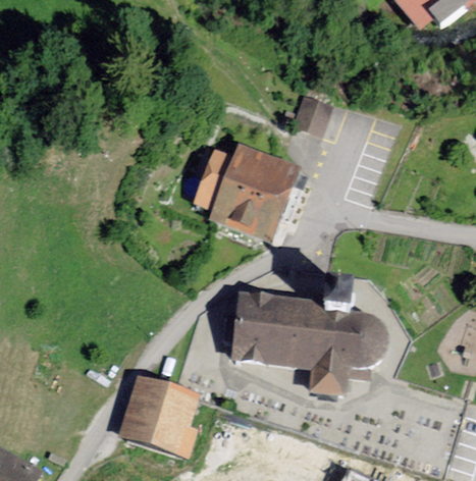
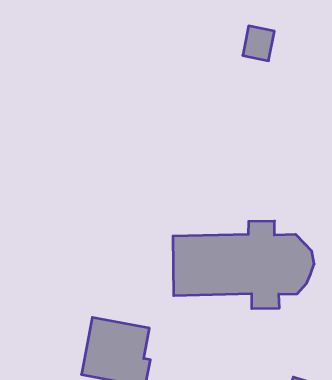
building: [294,95,331,136] -> [243,26,274,61]
building: [194,144,300,244] -> none

